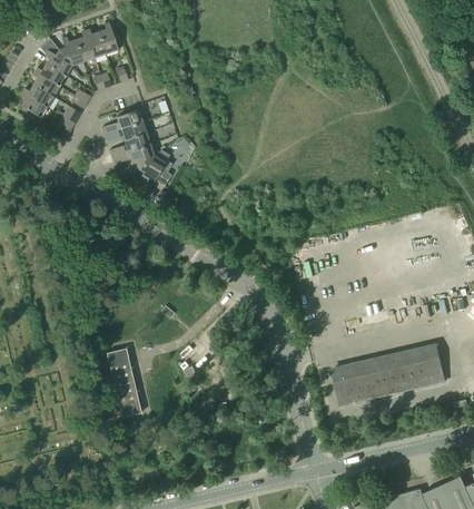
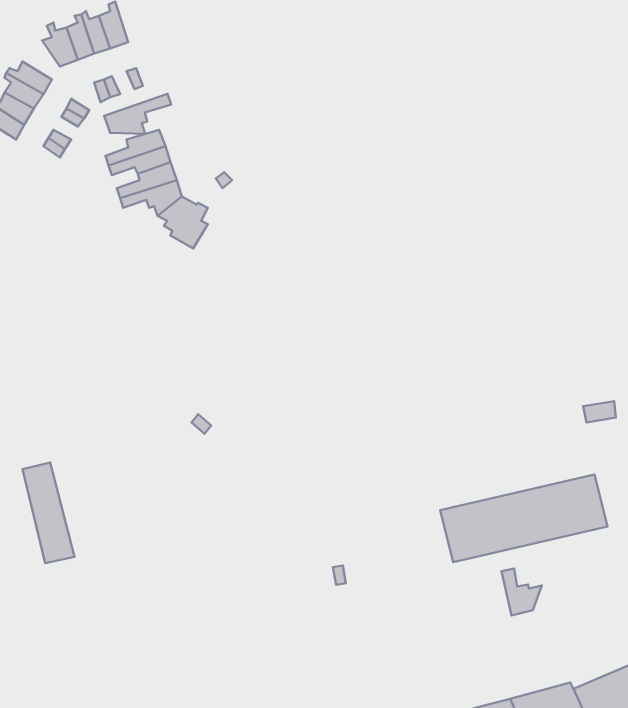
building: [39,39,70,76] -> none
building: none -> [104,94,171,134]
building: [106,349,141,418] -> [23,463,75,563]
building: none -> [501,568,542,615]

